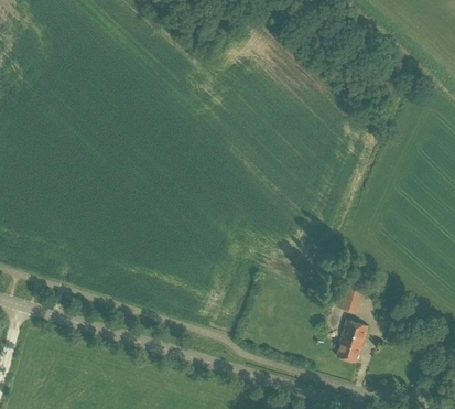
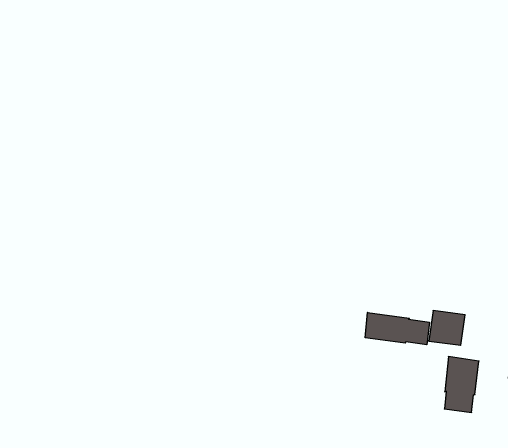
building: none -> [365,312,429,345]

